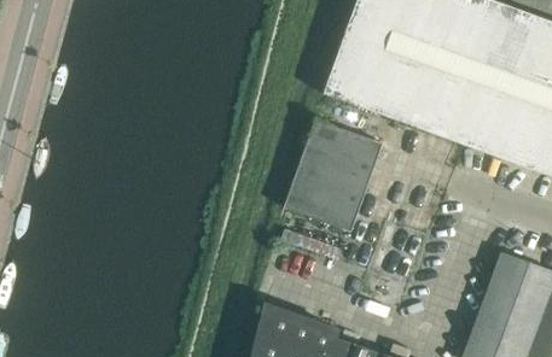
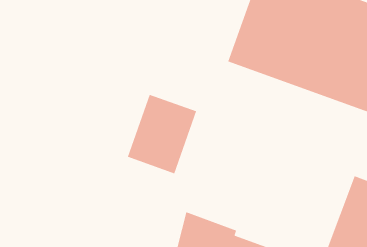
building: [284,119,383,233] -> [127,94,197,174]

